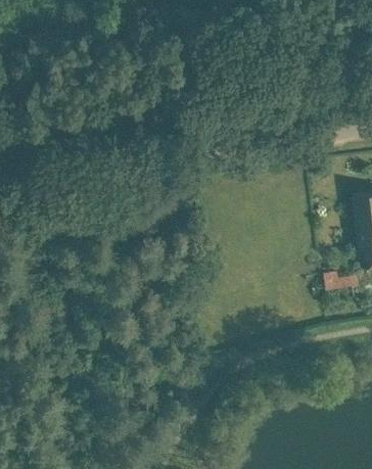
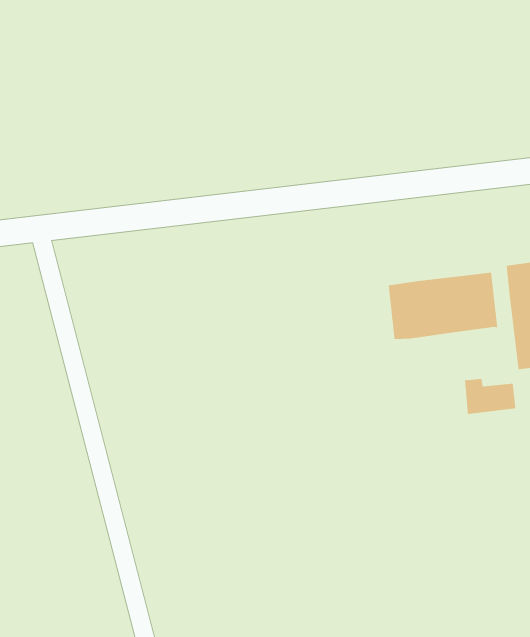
building: none -> [388,272,498,340]

